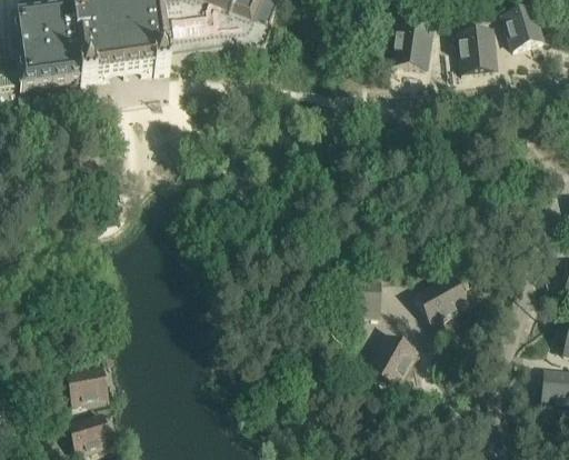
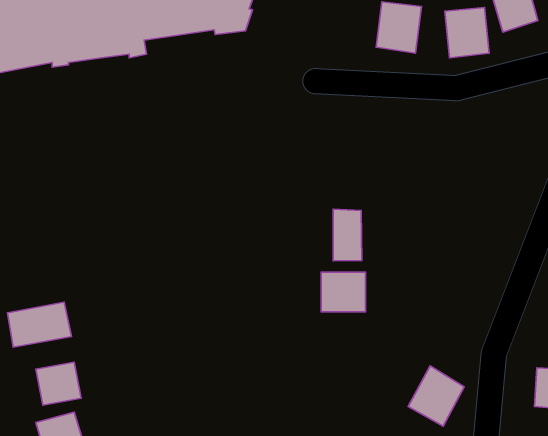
building: none -> [333,209,362,261]
building: [413,268,470,322] -> none
building: none -> [7,302,72,347]
building: [365,328,418,386] -> [408,366,464,426]

